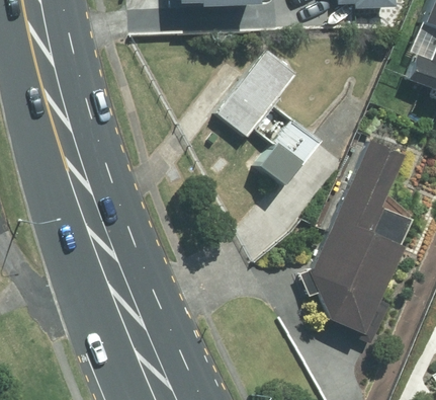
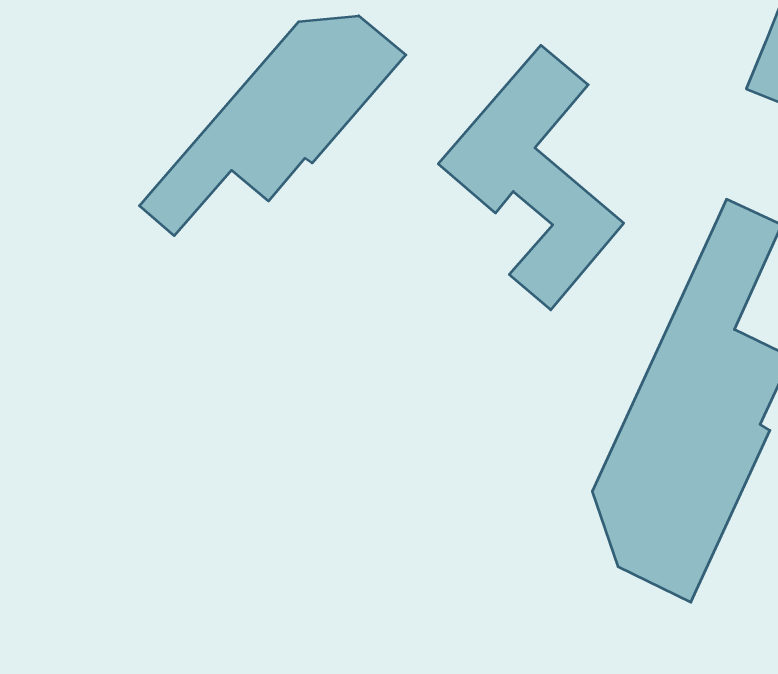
building: none -> [139,16,406,236]

